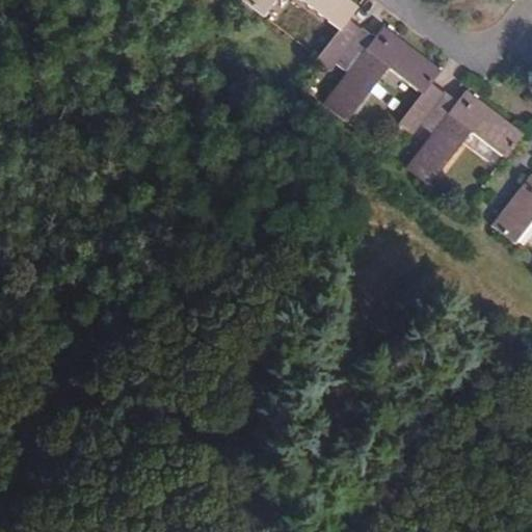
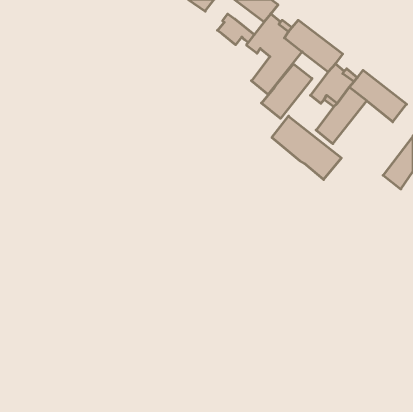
building: none -> [217,14,254,45]
building: none -> [261,64,312,118]
building: none -> [272,116,341,180]

